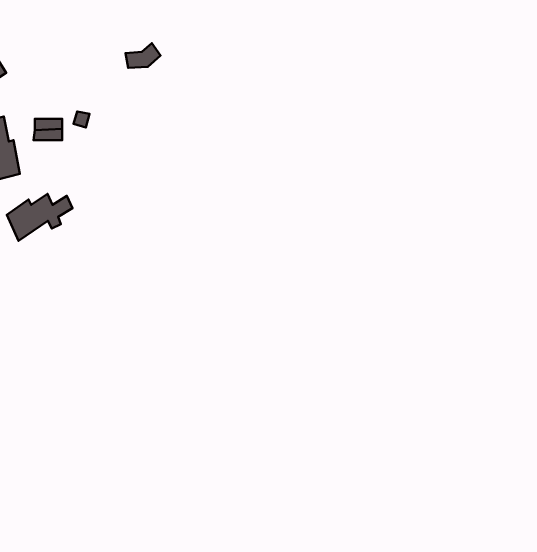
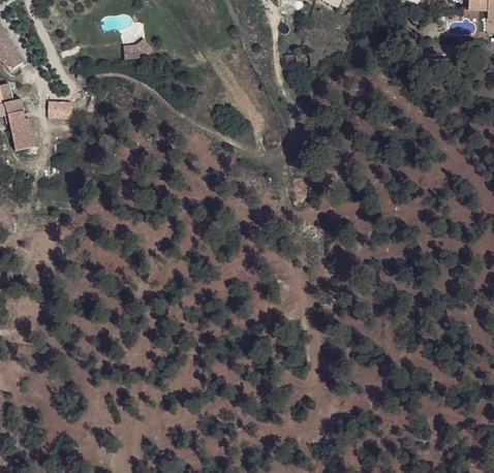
building: [7,194,73,241] -> none

